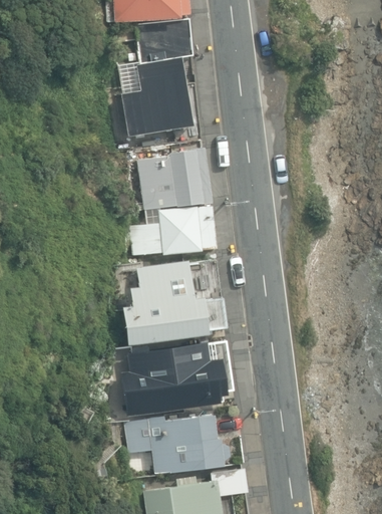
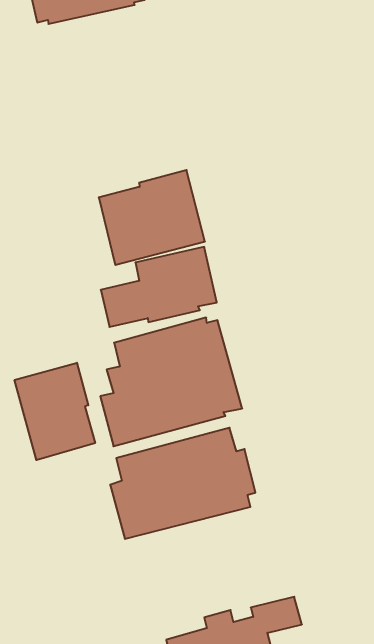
building: [122,24,201,136] -> none
building: none -> [15,363,95,460]
building: [123,415,229,474] -> none

